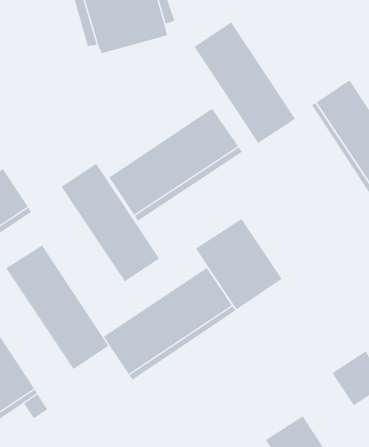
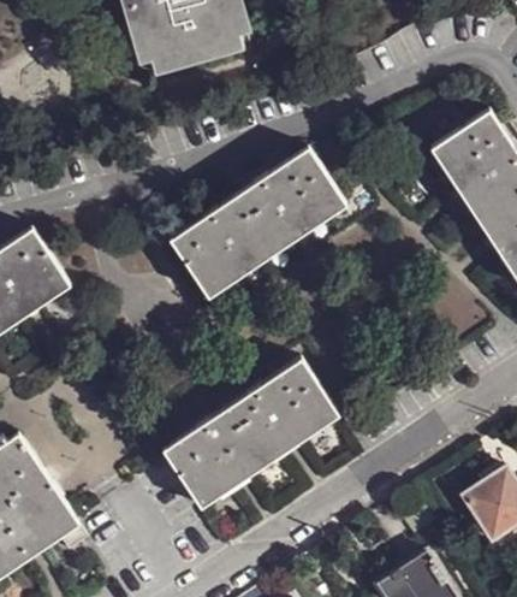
building: [194,22,296,144] -> none
building: [61,163,160,282] -> none
building: [195,218,283,310] -> none
building: [6,245,109,370] -> none

